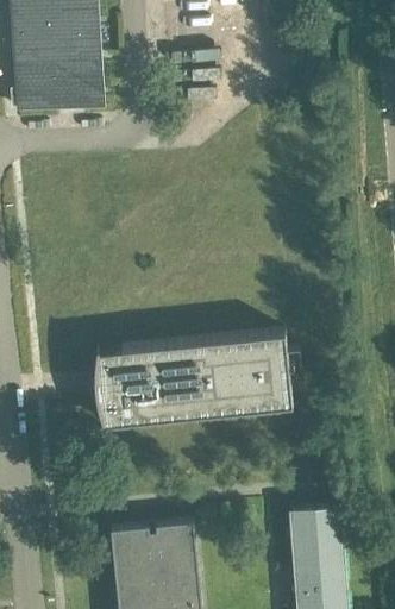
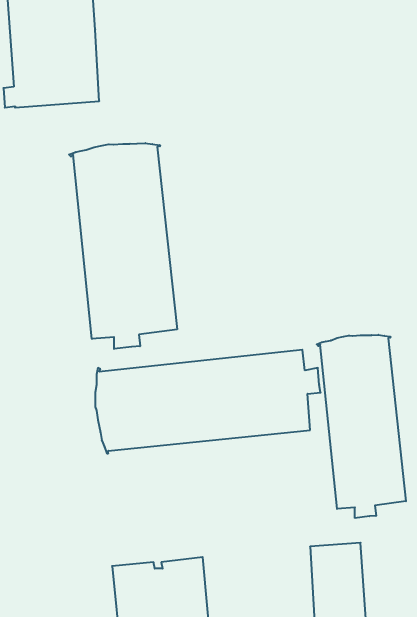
building: none -> [69,143,177,349]
building: none -> [317,335,406,518]

